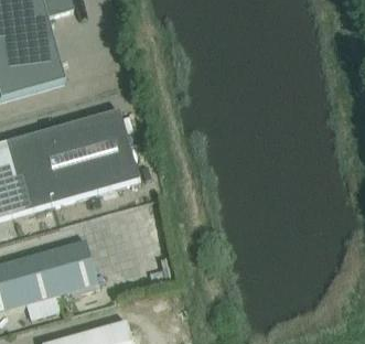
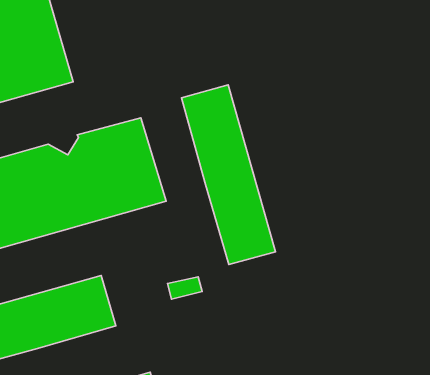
building: none -> [181,85,276,265]

